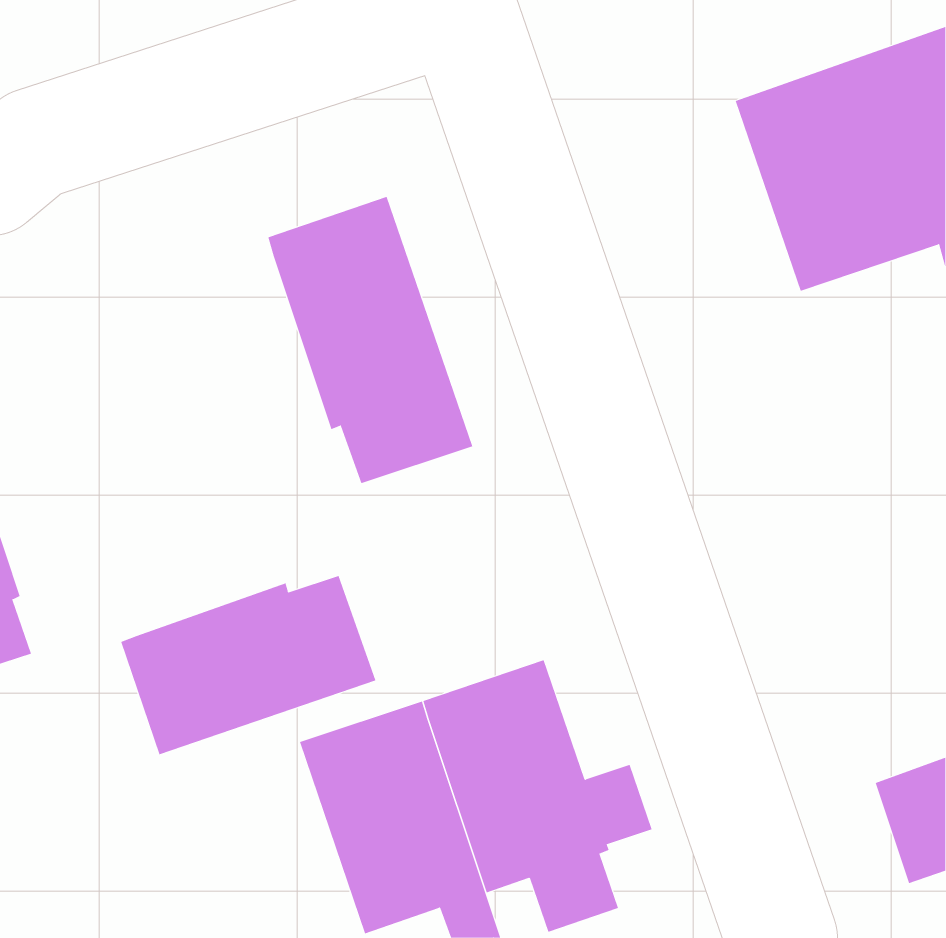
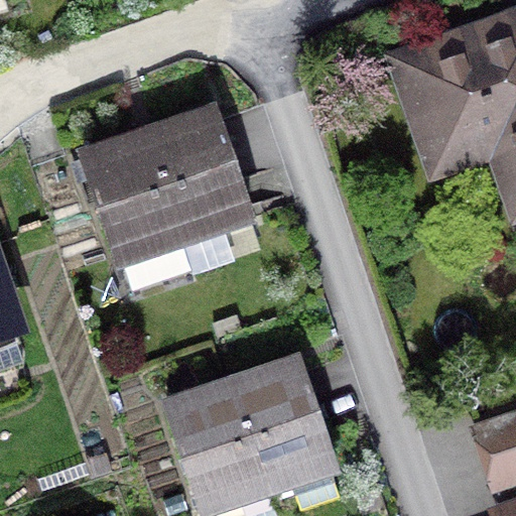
building: none -> [68,128,185,282]
building: [120,575,376,755] -> none

